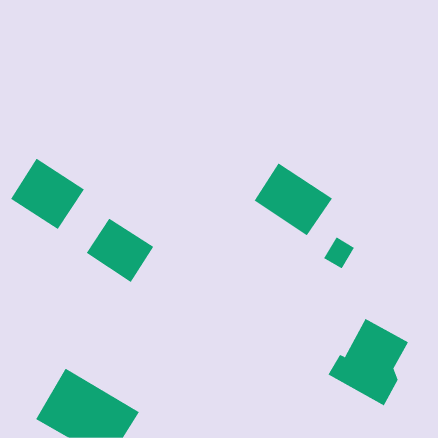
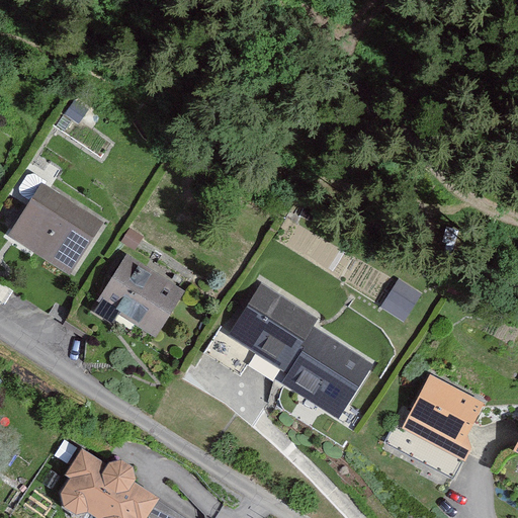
building: [254,163,333,236] -> none
building: none -> [204,283,371,416]

